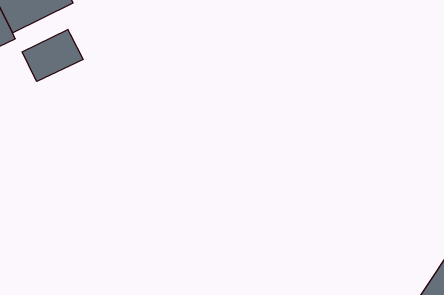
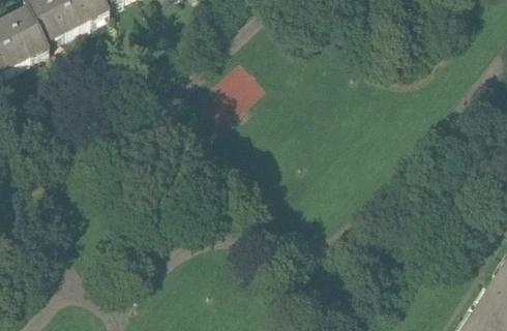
building: [22,29,83,81] -> none

